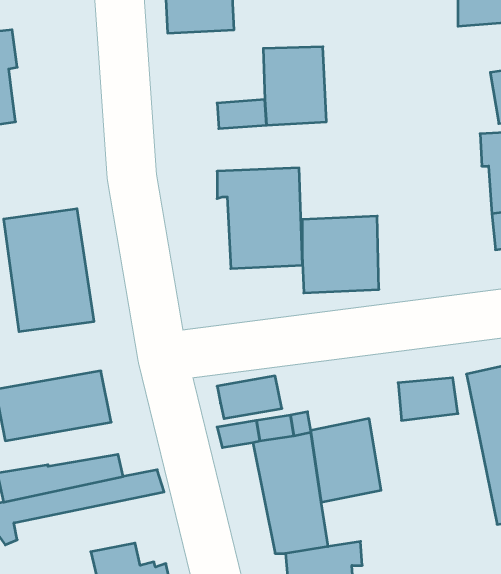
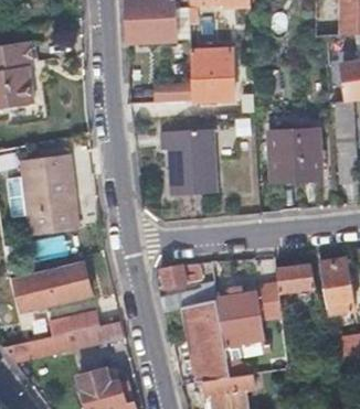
building: [302,216,379,293] -> [273,131,322,181]

